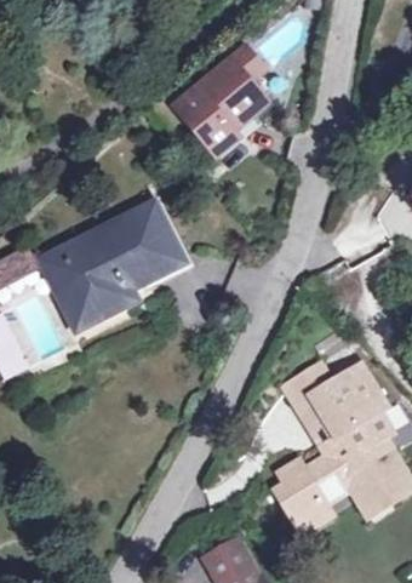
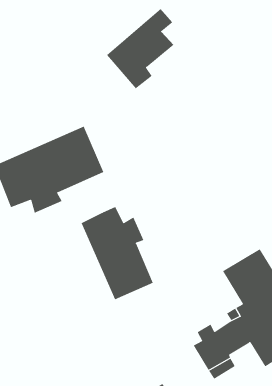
building: none -> [81,206,153,300]

